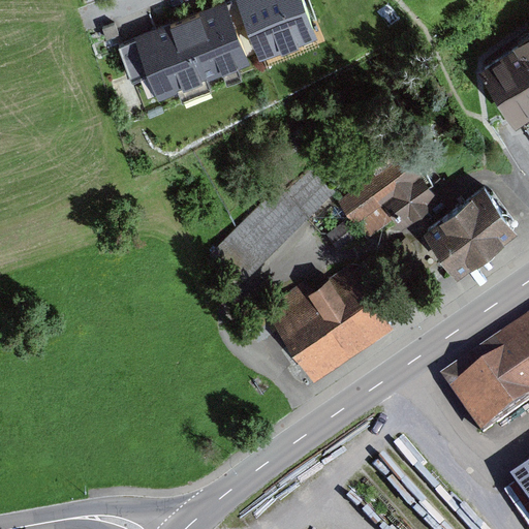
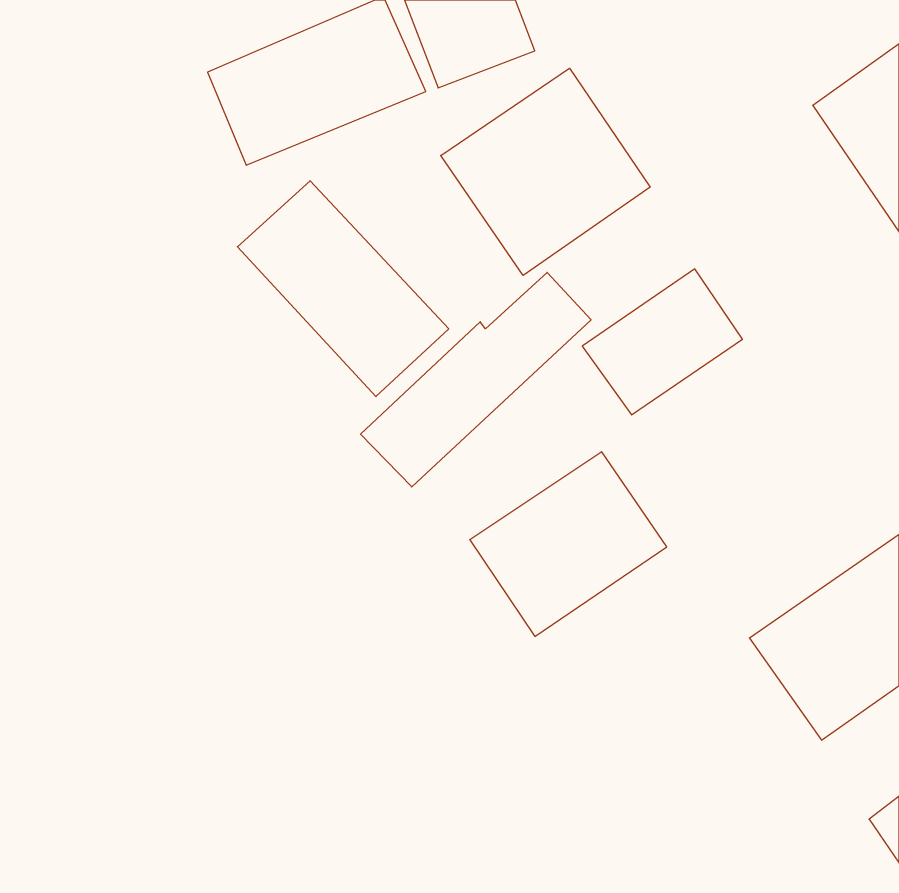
building: none -> [441,68,650,275]
building: none -> [237,181,449,397]
building: [423,192,516,280] -> none

